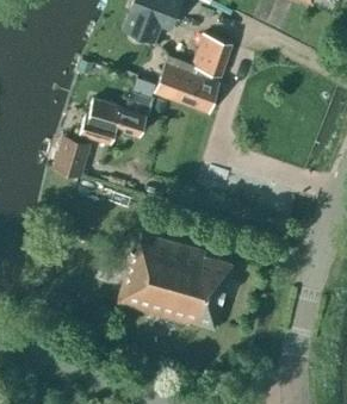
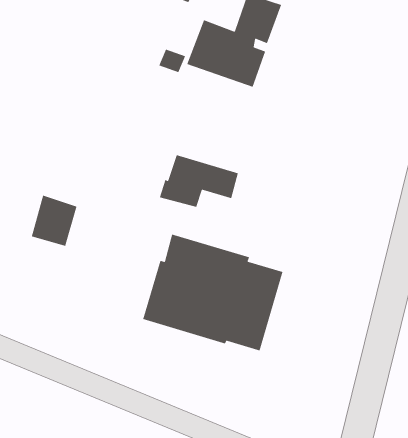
building: [80,99,145,143] -> [159,154,239,208]
building: [54,135,92,178] -> [31,194,78,247]

